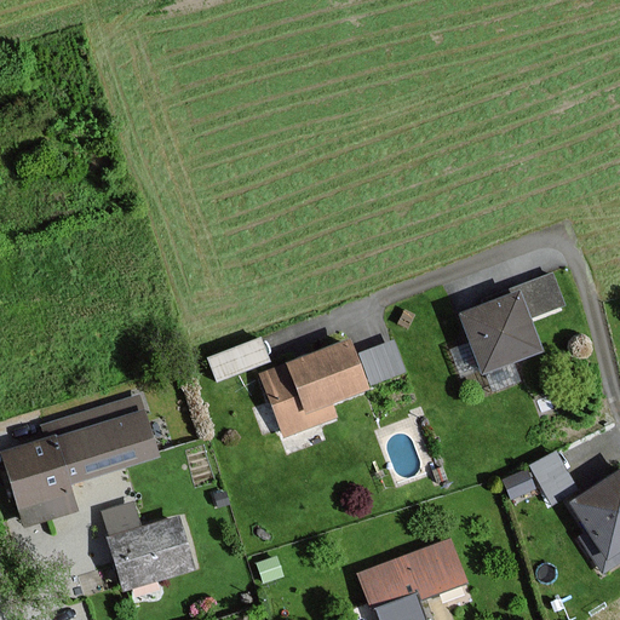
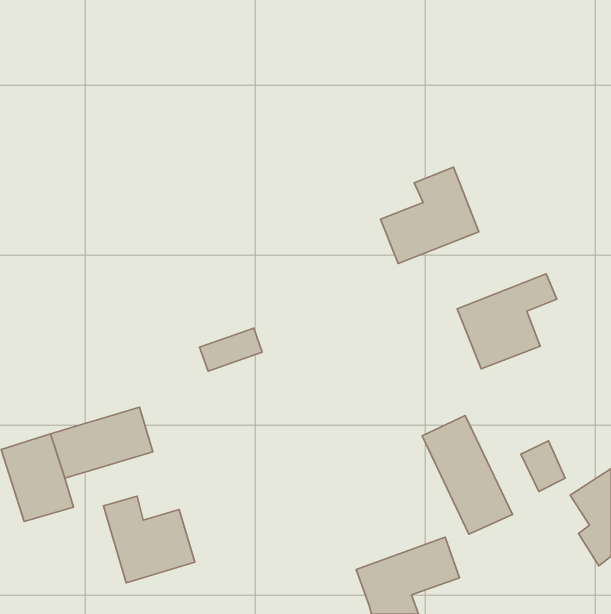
building: none -> [381,167,479,264]
building: [259,341,400,434] -> none
building: none -> [422,415,513,534]

